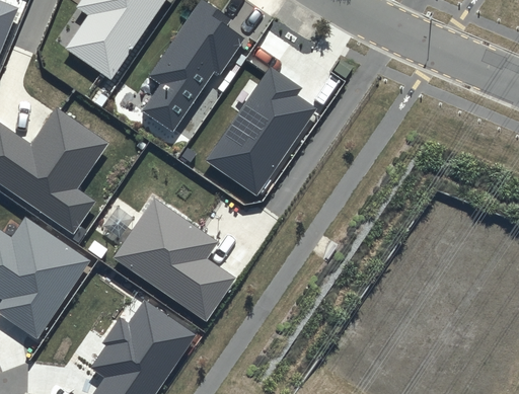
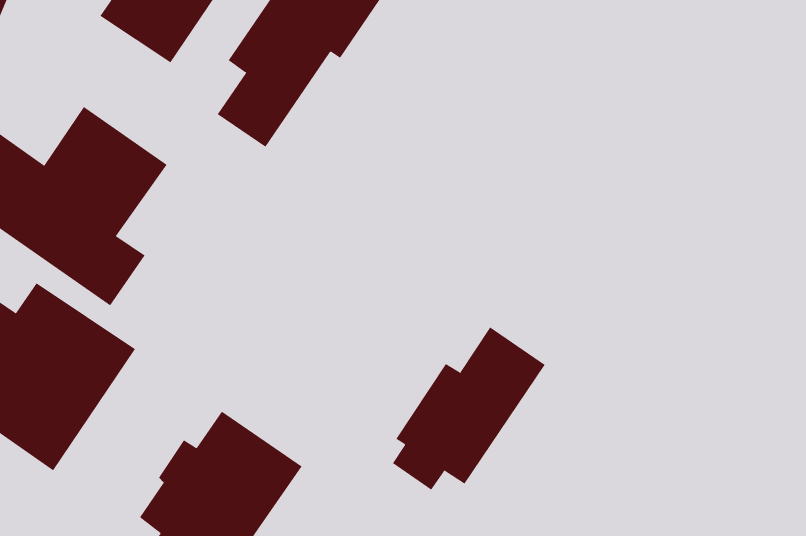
building: [206,67,316,195] -> none
building: [114,199,235,320] -> none
building: none -> [392,327,545,490]

